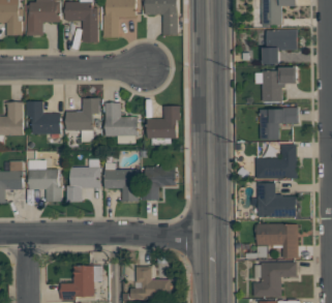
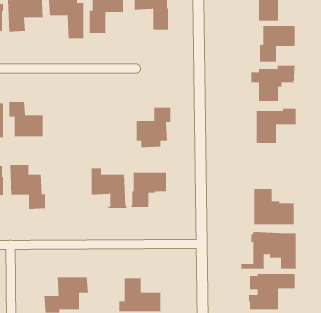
building: [66,99,99,143] -> none
building: [104,103,139,144] -> none
building: [255,144,297,180] -> none
building: [66,159,100,202] -> none

